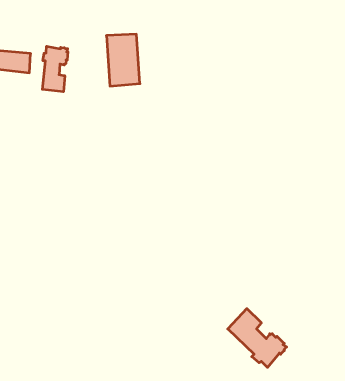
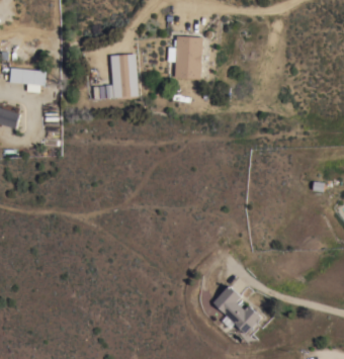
building: none -> [167,35,202,79]
building: [42,46,68,92] -> none

